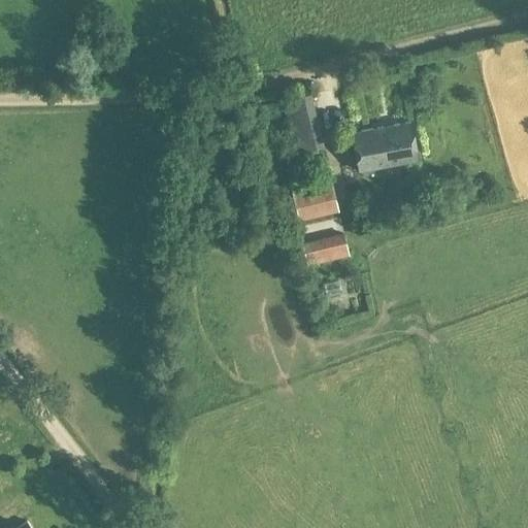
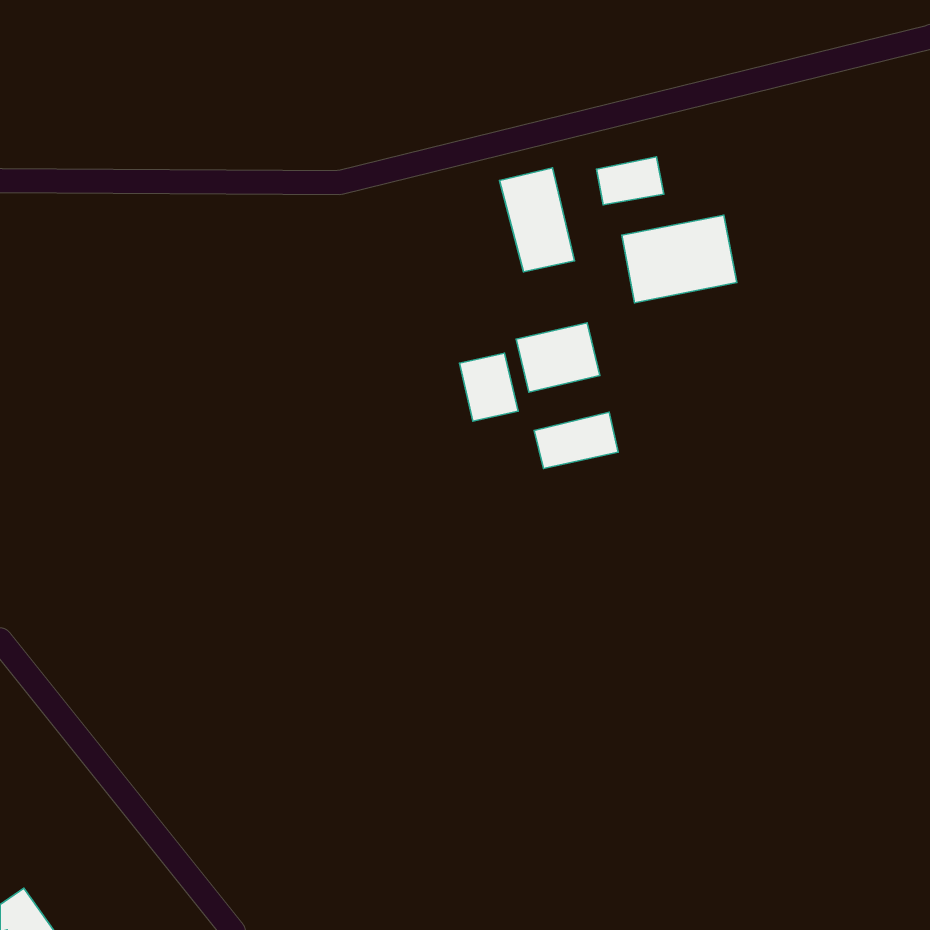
building: none -> [596,157,664,205]
building: none -> [459,353,518,421]

